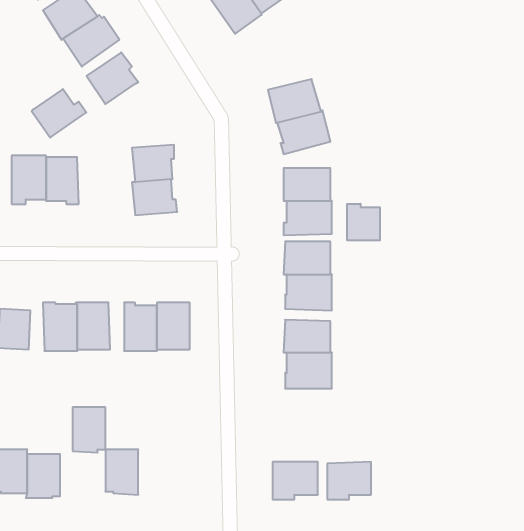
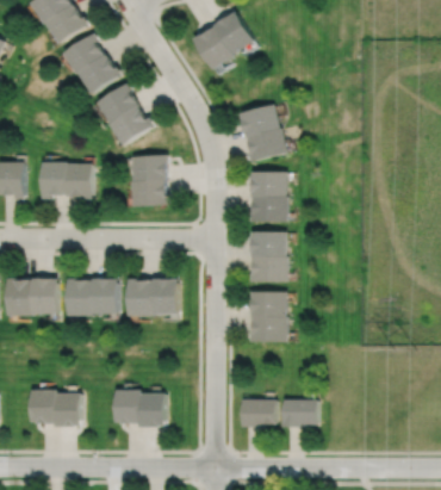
building: [32,89,86,138] -> [112,108,154,145]
building: [347,204,380,240] -> none
building: [73,407,105,453] -> [138,391,163,426]

